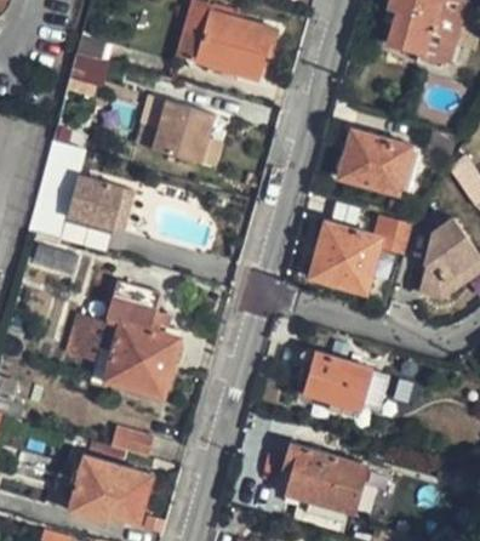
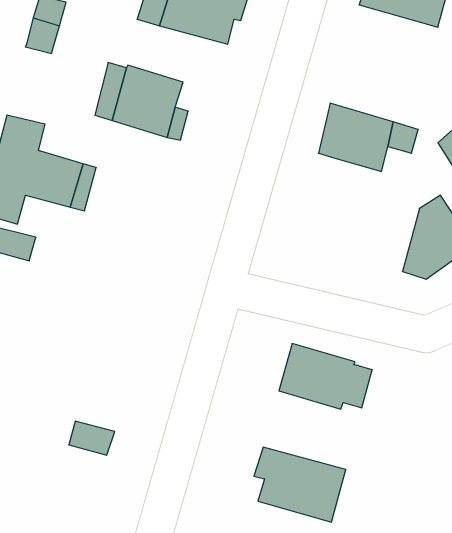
building: [312,218,411,291] -> none
building: [65,280,182,397] -> none
building: [64,454,150,523] -> none

